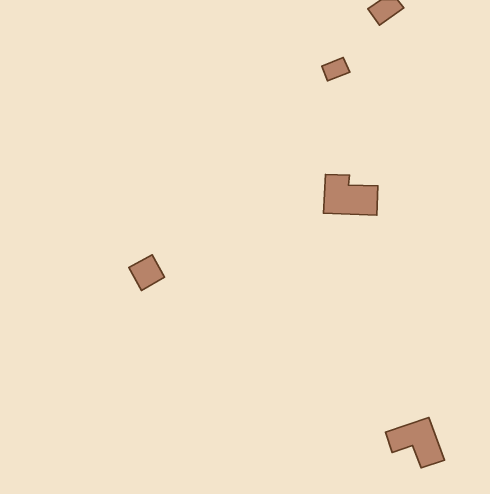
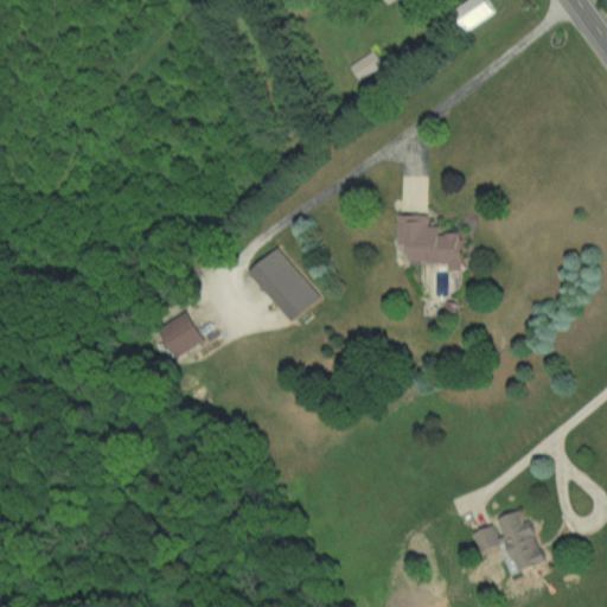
building: [322,57,350,81] -> [347,51,382,79]
building: none -> [248,248,317,320]

